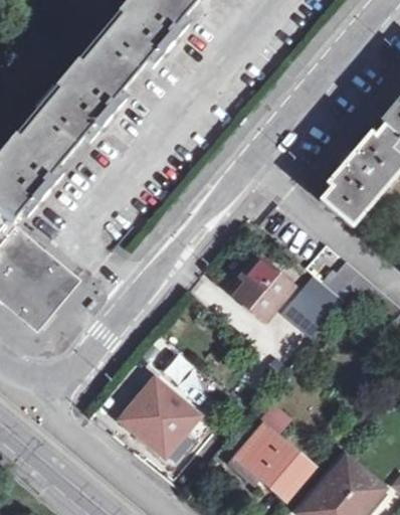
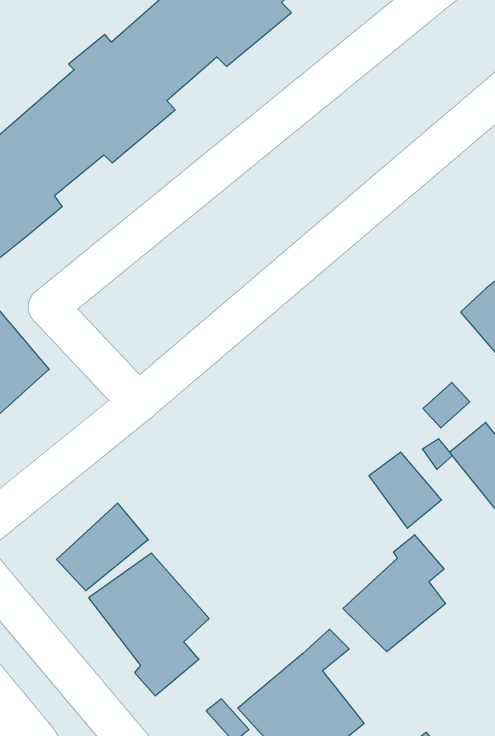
building: [228,255,292,319] -> none
building: none -> [343,535,445,652]
building: none -> [57,503,148,591]

